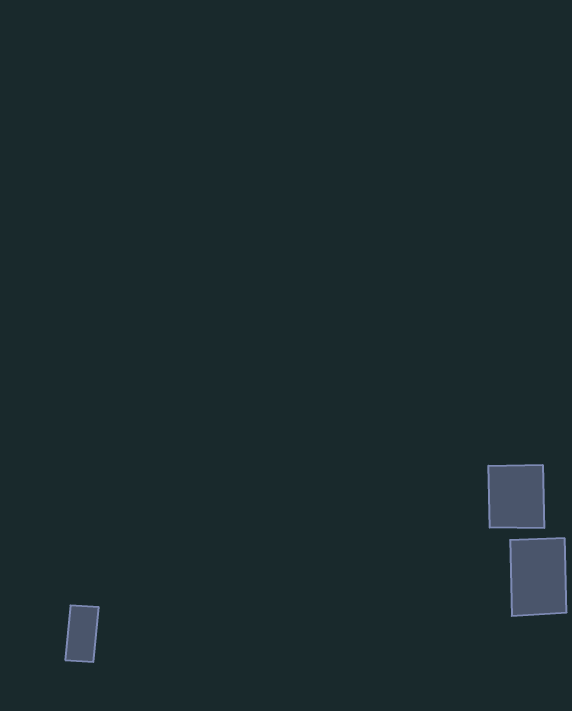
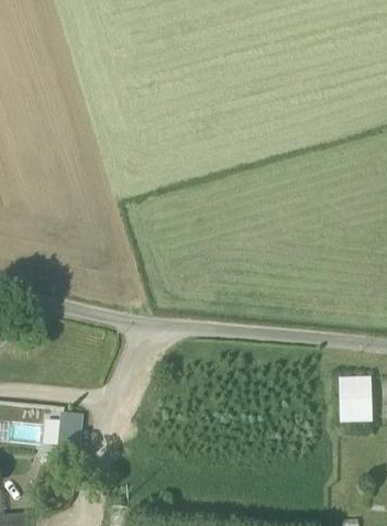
building: [488,465,544,528] -> none

